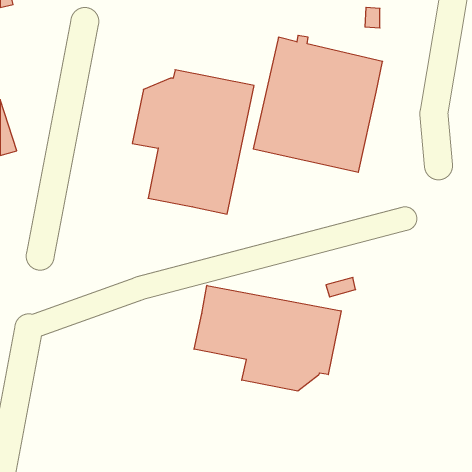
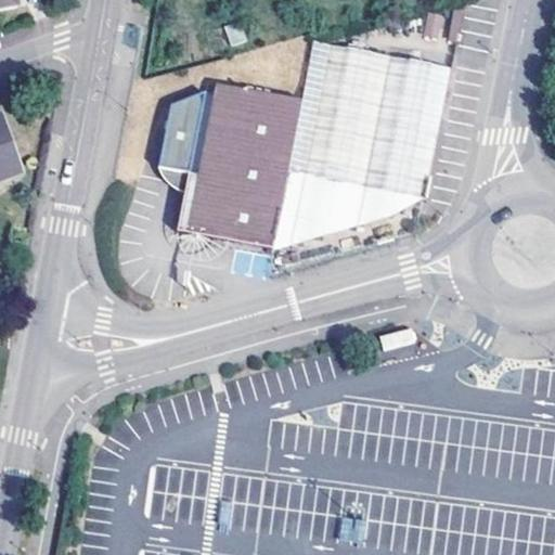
building: none -> [278,40,422,232]
building: [194,285,341,391] -> none

